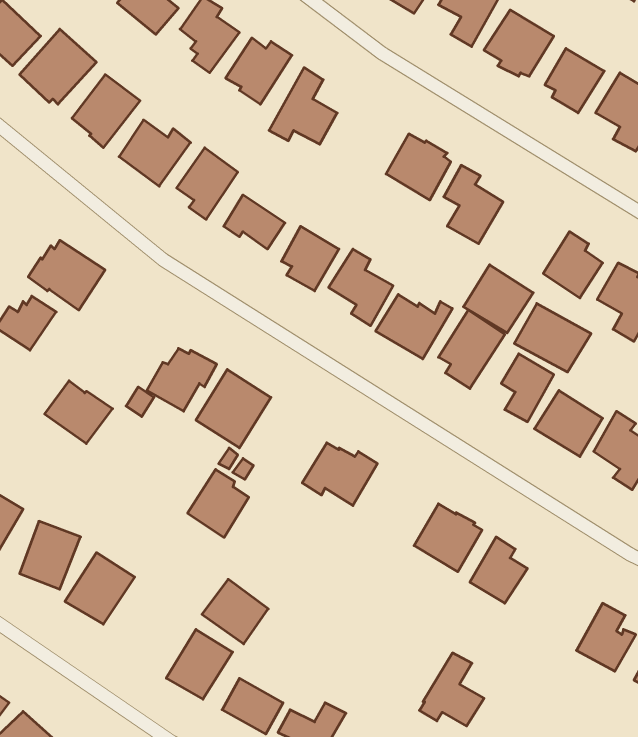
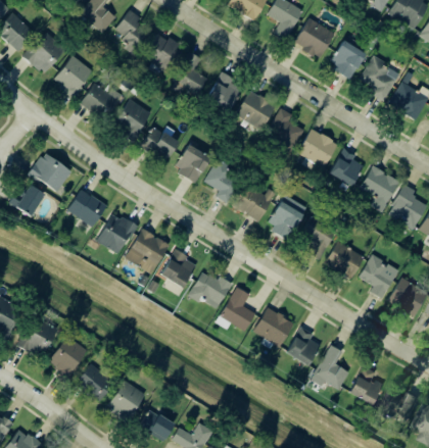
building: none -> [206,72,241,111]
building: [463,265,533,333] -> [297,129,338,168]
building: [514,303,591,372] -> none
building: [45,381,113,444] -> [67,190,107,227]
building: [188,469,249,537] -> [160,249,196,289]
building: none -> [221,288,255,331]
building: [202,579,268,644] -> [77,363,115,401]
building: [419,653,484,726] -> [312,346,349,389]

